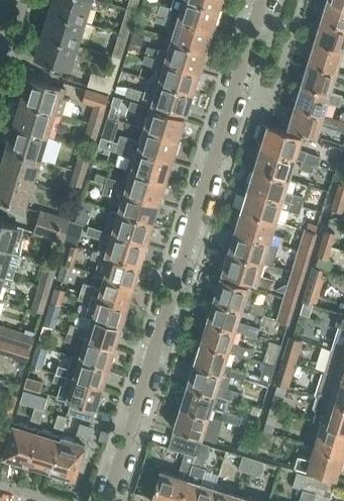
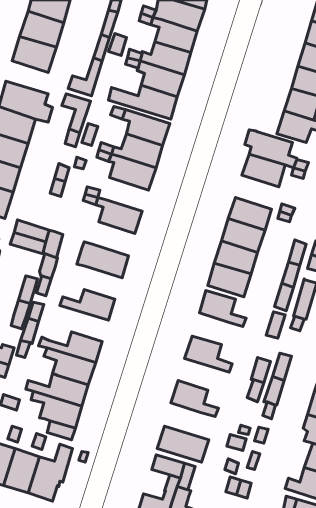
building: [243,168,289,202] -> none
building: [123,173,164,204] -> none
building: [86,214,151,246] -> none
building: [90,254,139,288] -> none
building: [78,294,126,328] -> none
building: [206,301,250,336] -> none
building: [193,344,237,379] -> none
building: [180,387,224,422] -> none

